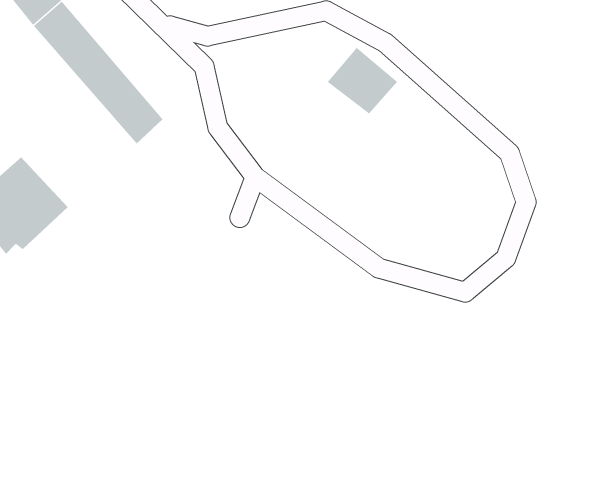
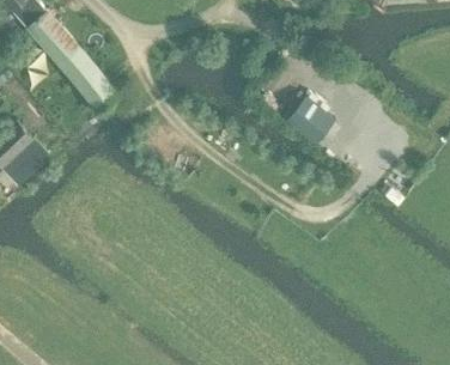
building: [327,46,398,114] -> [287,95,338,142]

